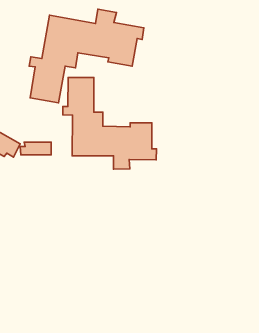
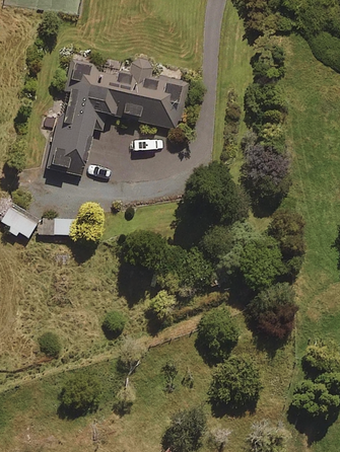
building: [63,78,156,169] -> none

